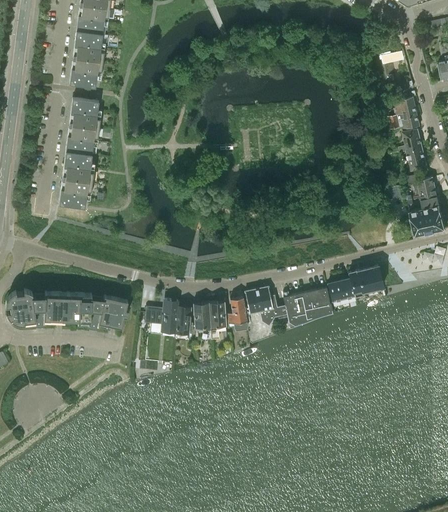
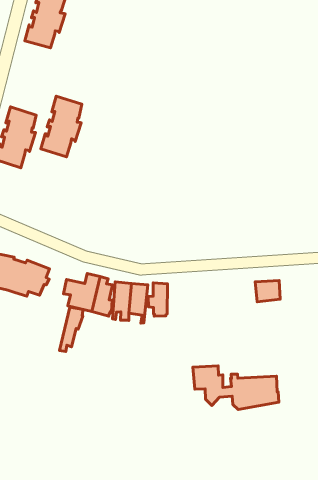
building: [65,97,100,154] -> [41,96,82,157]
building: [348,265,382,295] -> none
building: [244,286,332,325] -> [193,366,279,409]
building: none -> [60,307,83,352]

